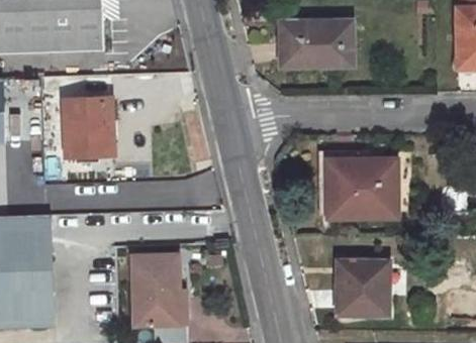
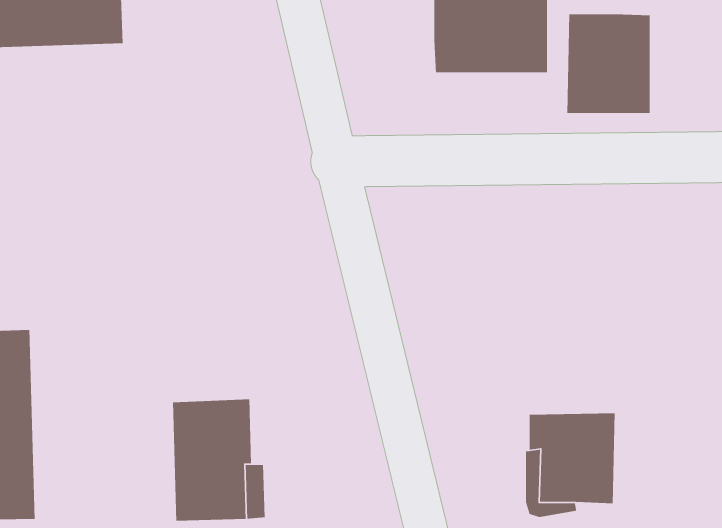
building: none -> [567,13,651,114]
building: [65,98,113,154] -> none
building: [329,160,394,216] -> none

